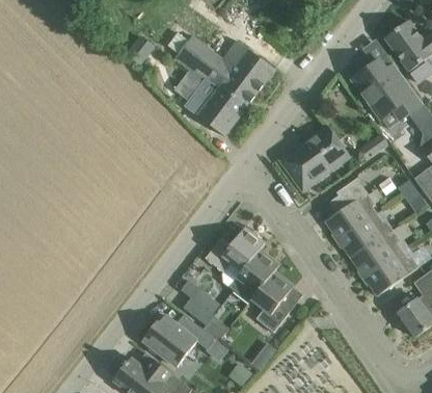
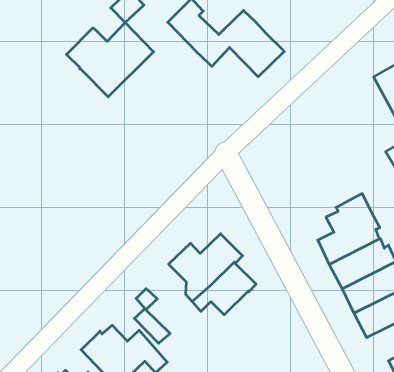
building: [185,73,256,136] -> [66,23,154,97]
building: [280,127,349,190] -> none
building: [251,271,294,333] -> none

